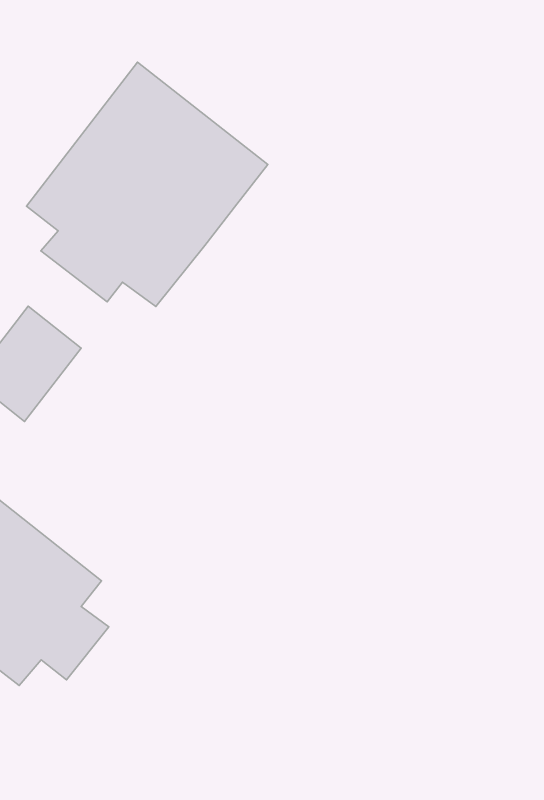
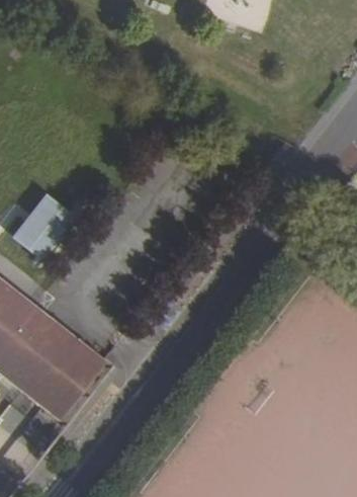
building: [27,62,268,307] -> none

